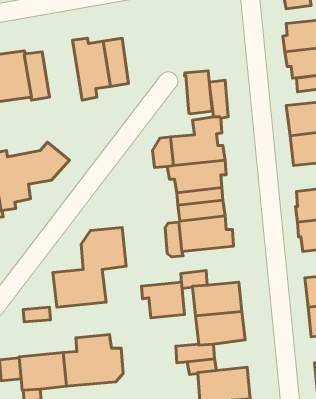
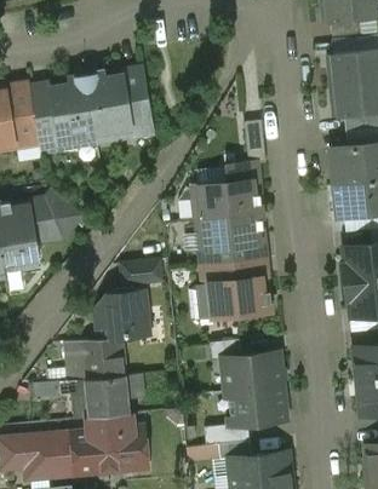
building: none -> [51,74,97,144]
building: [184,71,212,114] -> none
building: none -> [120,259,162,284]
building: [141,282,185,318] -> [79,375,128,416]

